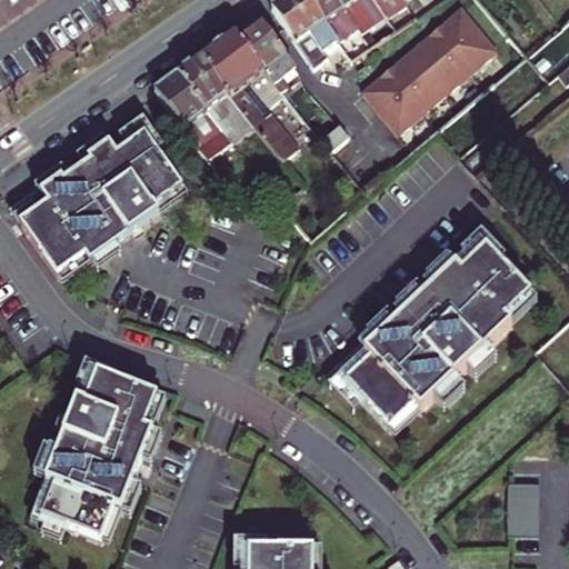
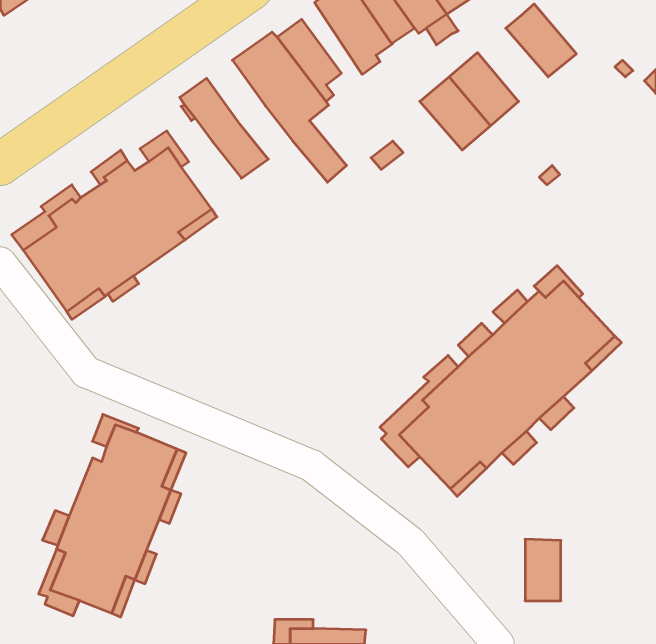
building: [413,24,475,88] -> none
building: [179,52,253,139] -> none
building: [513,479,545,532] -> [525,539,561,601]

